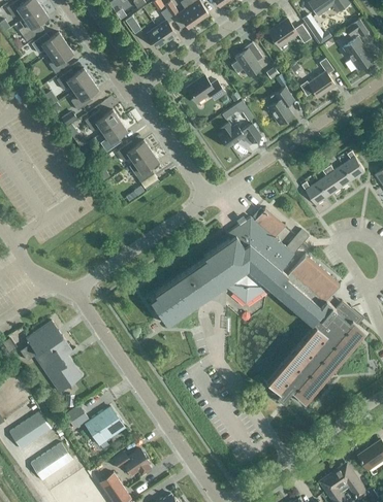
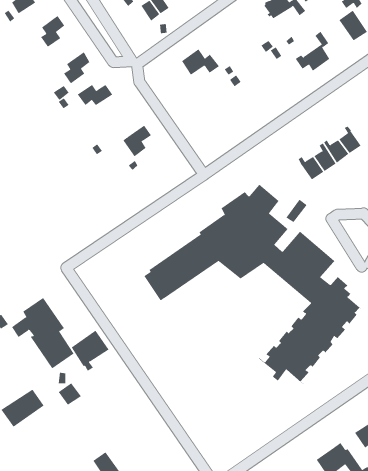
building: [31,32,65,55] -> none
building: [230,42,262,76] -> none
building: [56,68,91,91] -> none
building: [267,87,293,125] -> none
building: [100,121,127,153] -> none
building: [218,122,260,147] -> none
building: [116,140,151,163] -> none
building: [86,407,124,448] -> [71,330,110,372]
building: [30,442,72,480] -> none
building: [113,449,150,474] -> none

